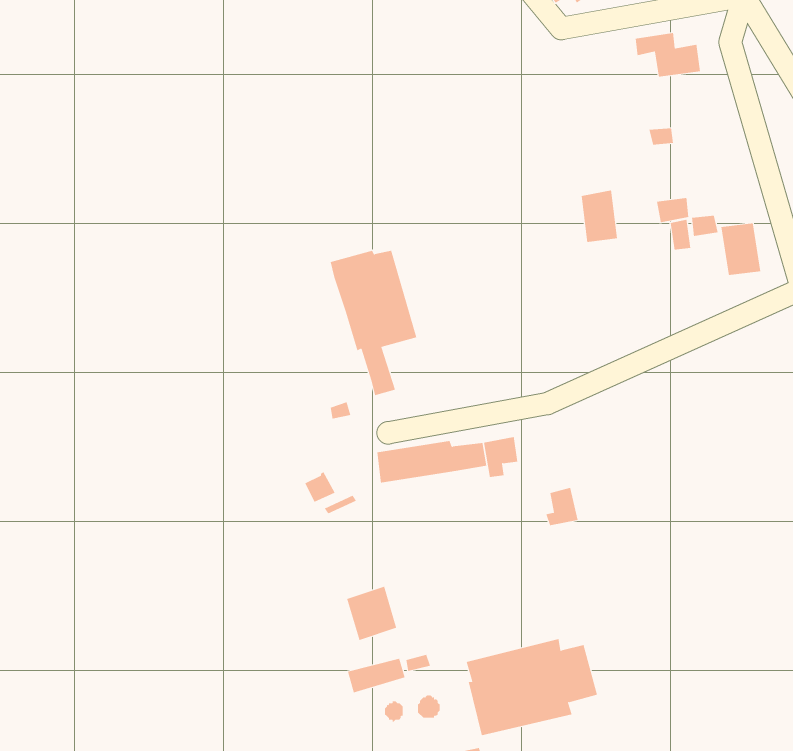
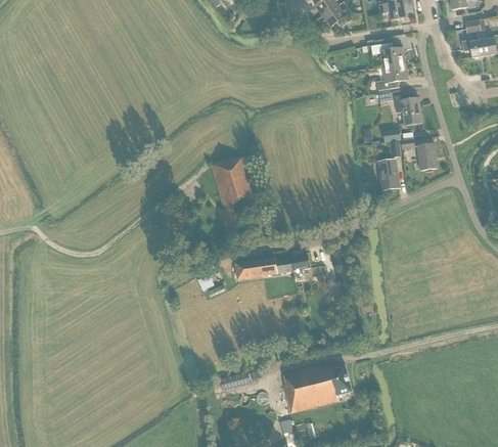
building: none -> [376,62,408,90]
building: none -> [394,93,422,123]
building: [581,190,618,242] -> [378,159,398,186]
building: [347,586,397,641] -> none

